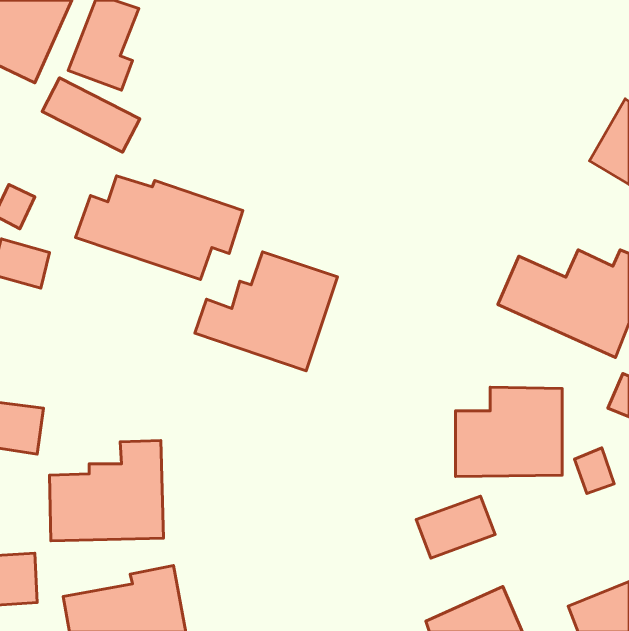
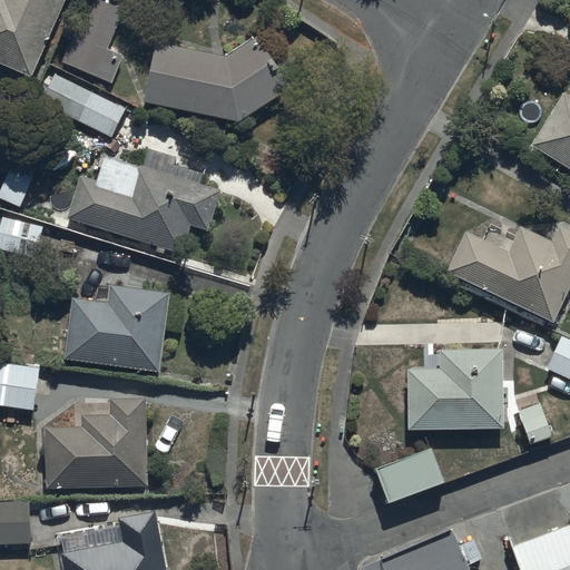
building: none -> [142,38,289,122]
building: [195,252,337,371] -> none
building: none -> [63,287,171,371]

